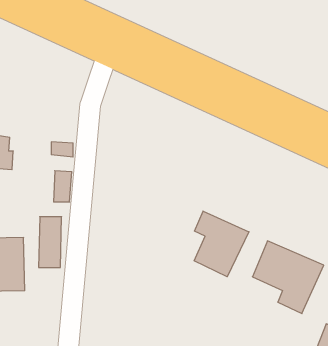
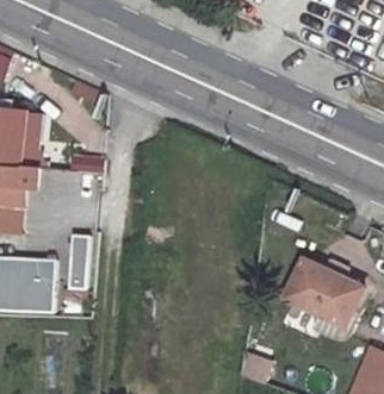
building: [194,211,249,277] -> none

